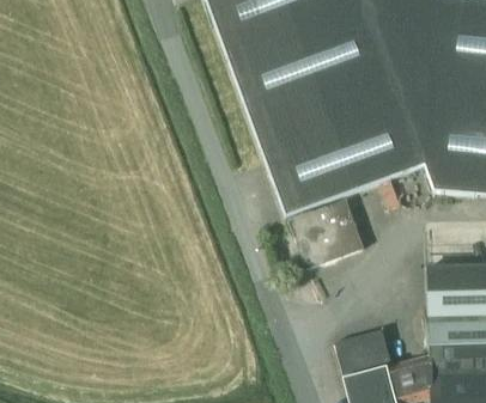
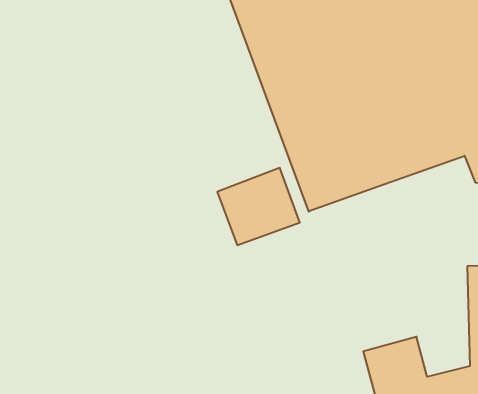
building: [288,195,363,264] -> [217,168,300,245]

